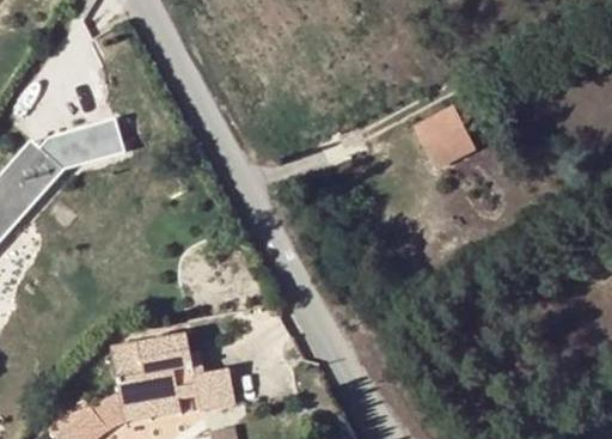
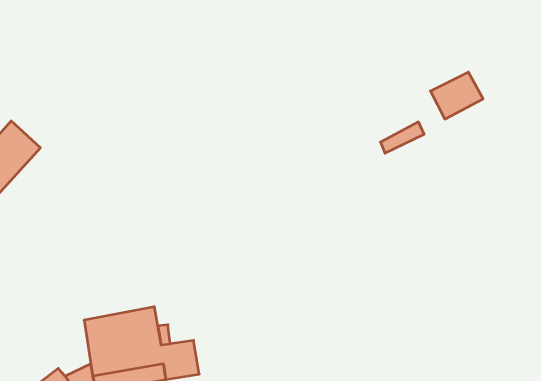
building: [412,110,469,160] -> [430,72,483,119]
building: [76,120,121,161] -> none

